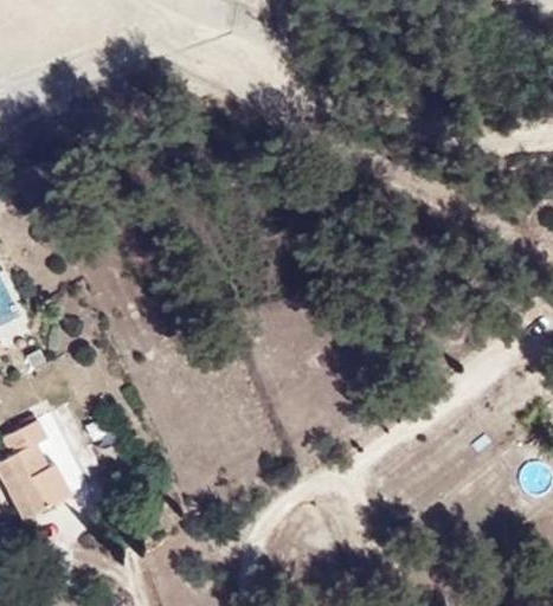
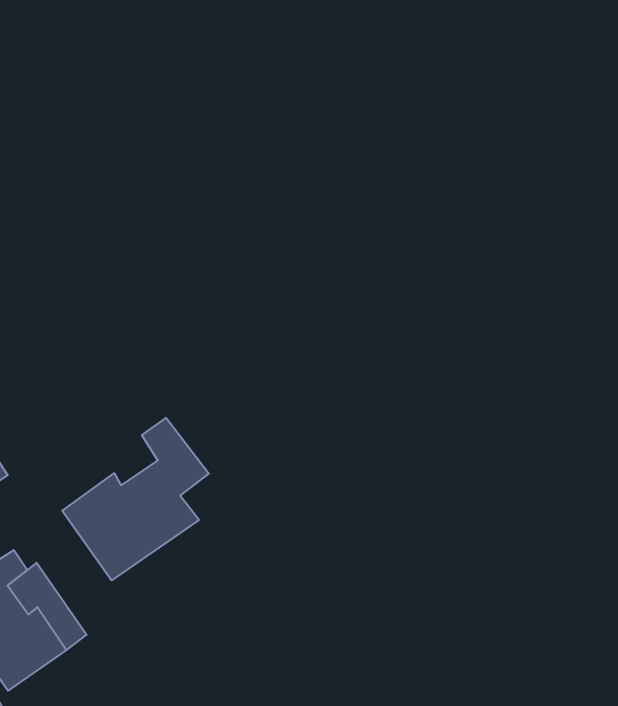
building: none -> [62,418,209,580]

